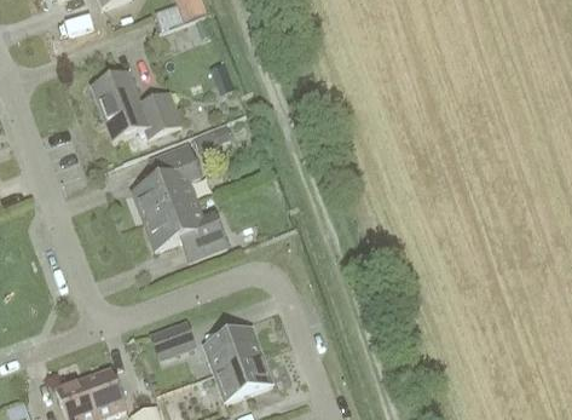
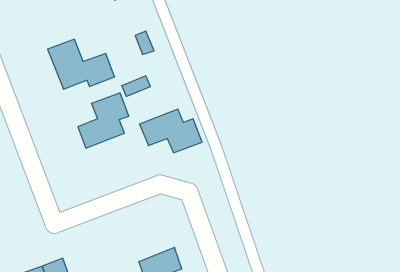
building: [143,197,227,257] -> [139,109,202,153]
building: [150,318,193,355] -> none
building: [203,324,262,372] -> none

